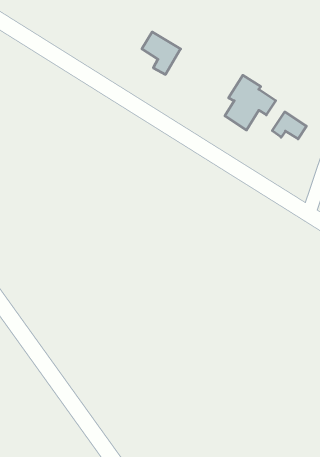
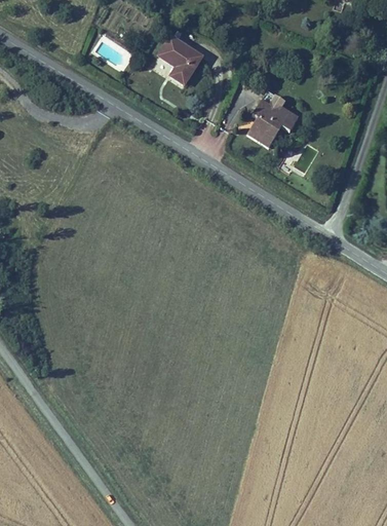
building: [272,112,306,139] -> none

